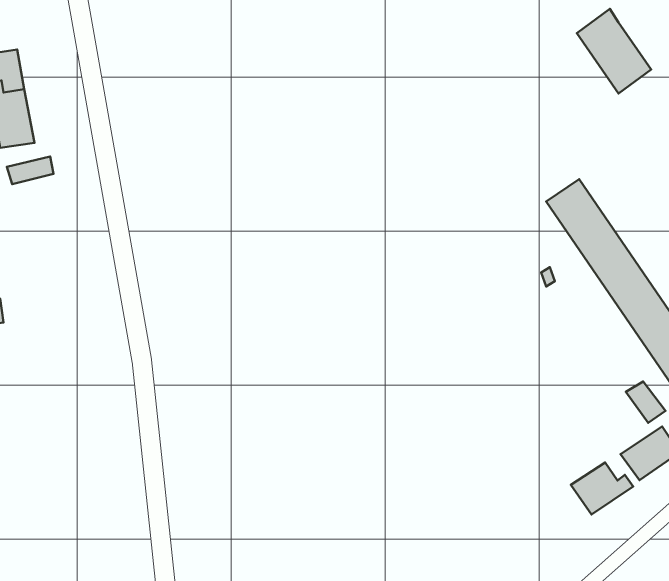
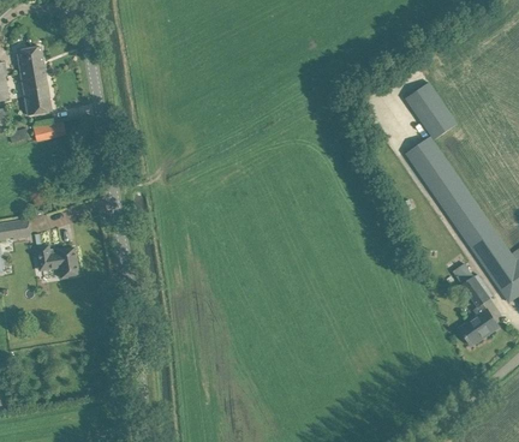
building: [577,9,651,94] -> [406,82,458,141]
building: none -> [36,245,78,279]
building: [571,463,633,514] -> none

